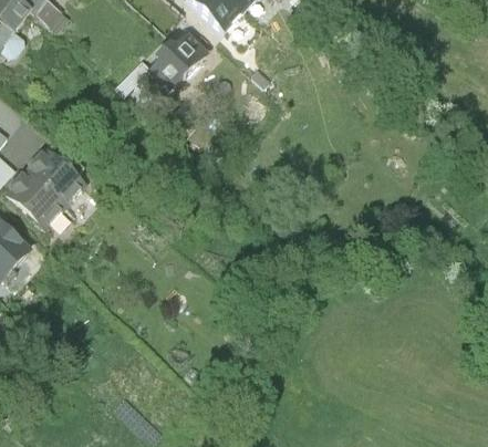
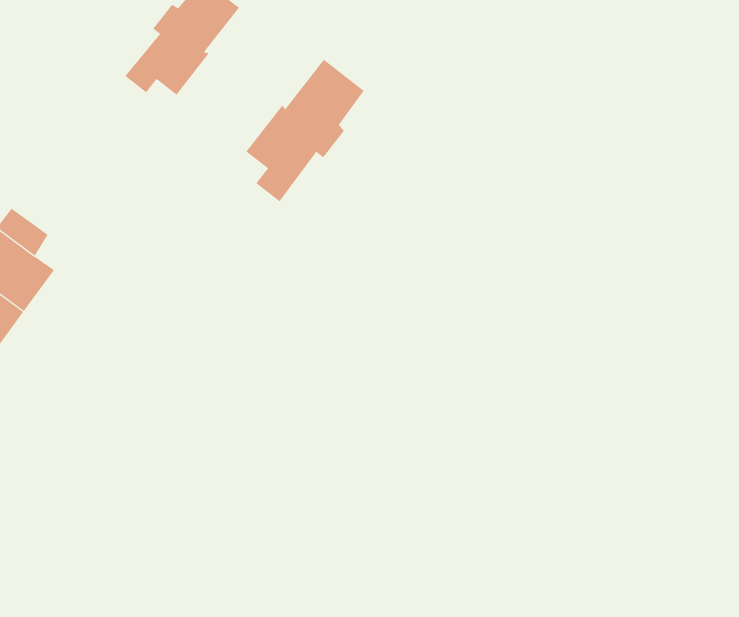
building: none -> [246,59,365,202]

